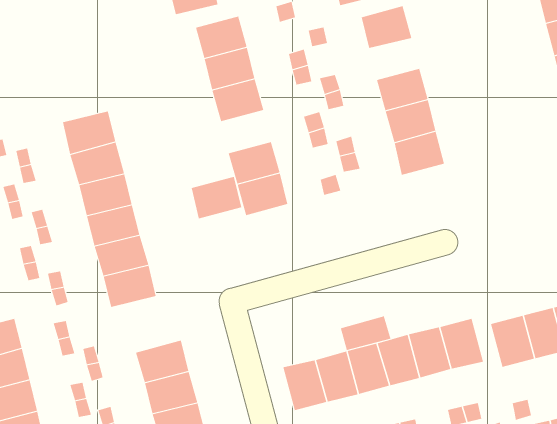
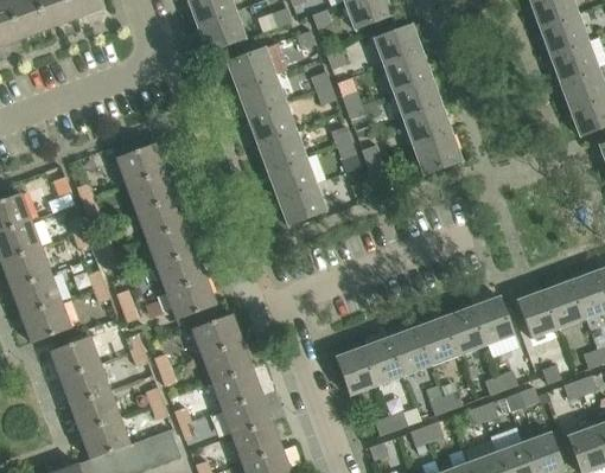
building: none -> [383,51,431,91]
building: [191,176,242,219] -> [257,128,305,170]
building: none -> [192,313,242,356]
building: [340,315,391,351] -> none

